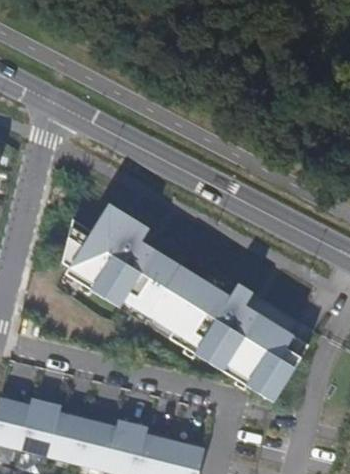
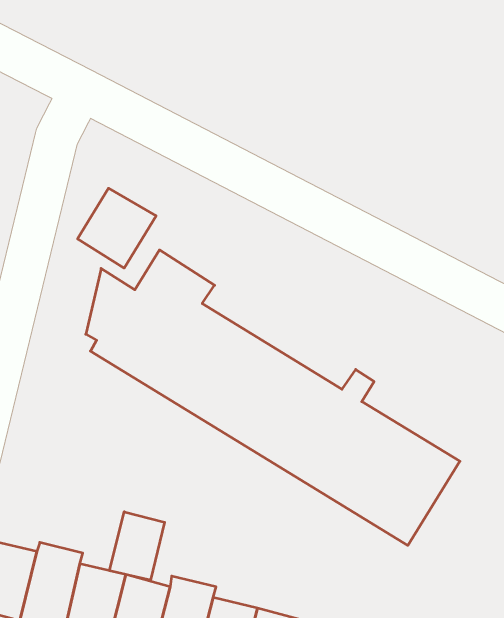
building: none -> [78,188,156,268]
building: none -> [110,512,165,580]

